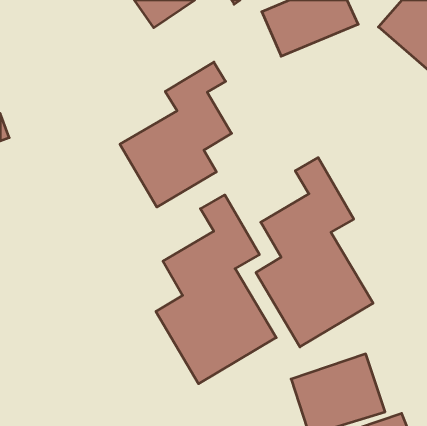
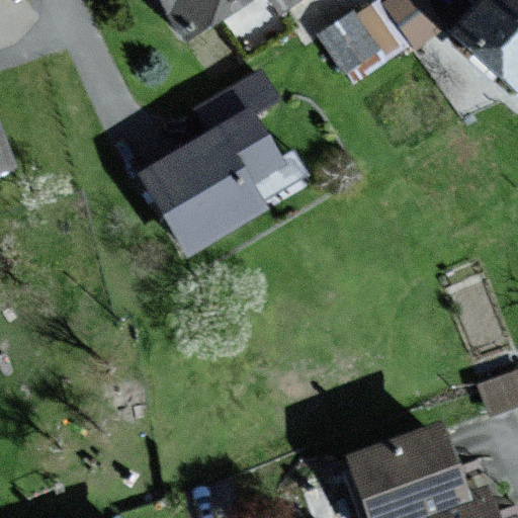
building: [256,158,373,347] -> none
building: [156,195,276,384] -> none

